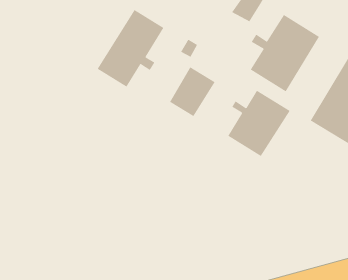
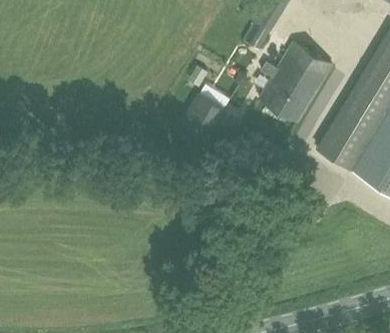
building: [97,9,164,87] -> none
building: [228,90,290,157] -> none

